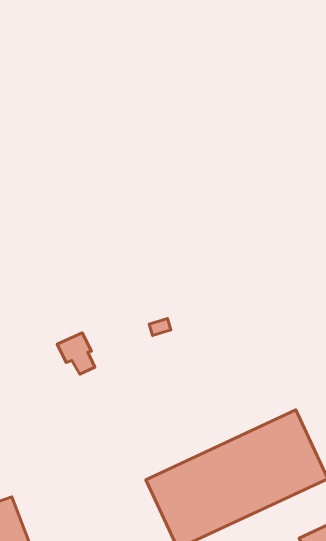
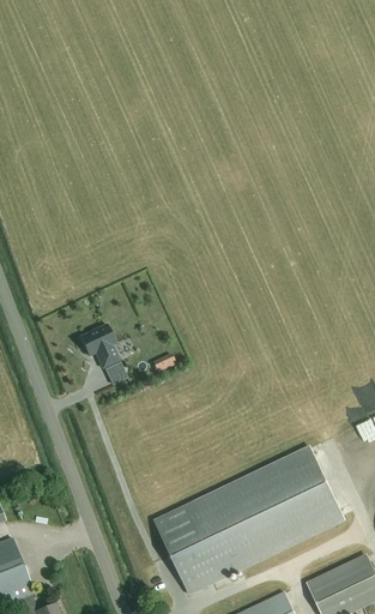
building: [57,333,95,374] -> [74,326,114,369]

